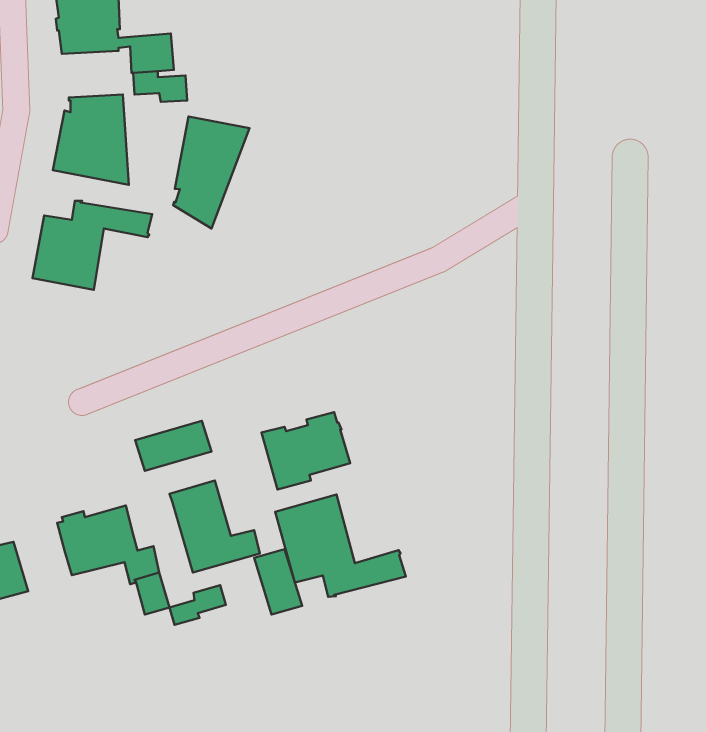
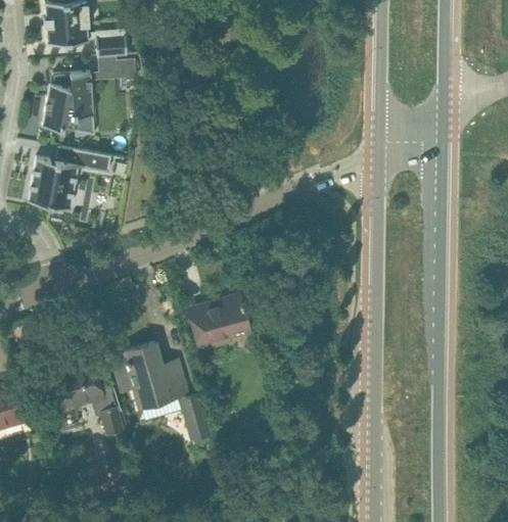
building: [173,116,250,229] -> none
building: [135,421,211,471] -> none
building: [275,494,406,597] -> none
building: [170,585,226,625] -> none

